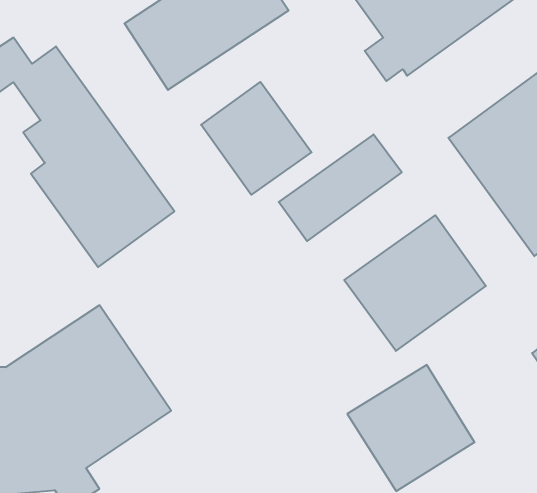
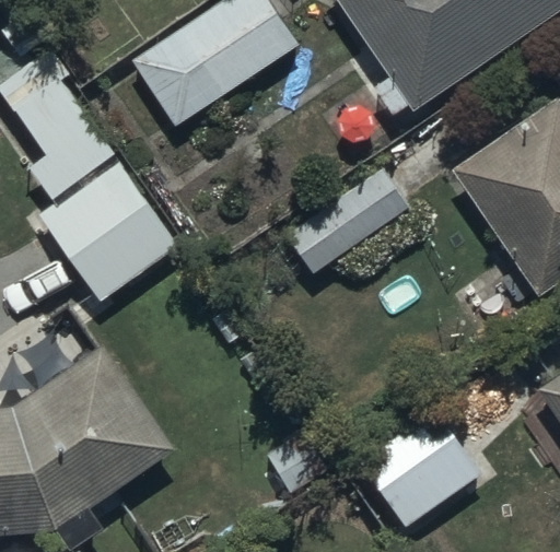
building: [201,82,312,195] -> none
building: [344,215,486,351] -> none

